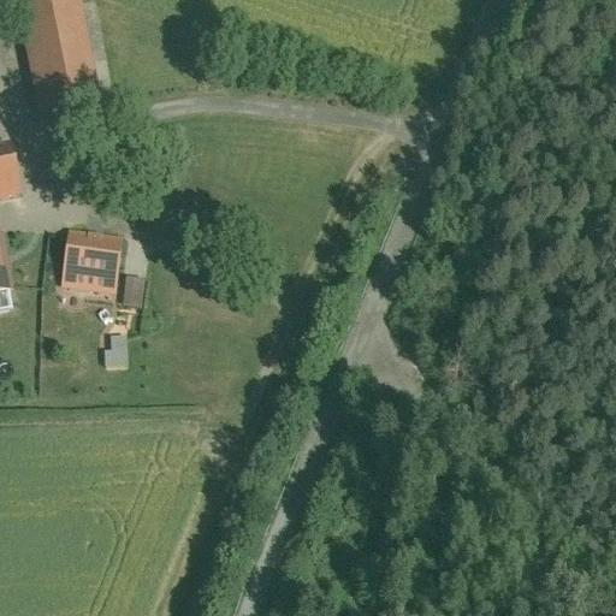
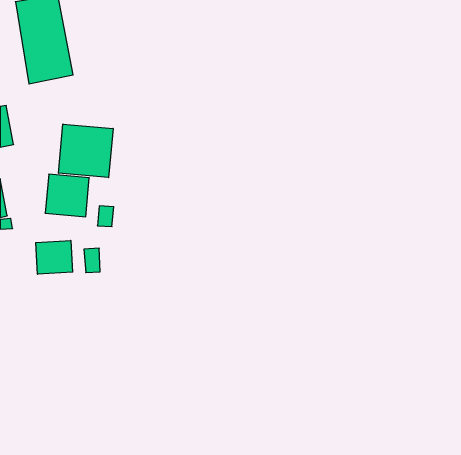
building: none -> [59,124,113,178]
building: none -> [36,240,73,274]

